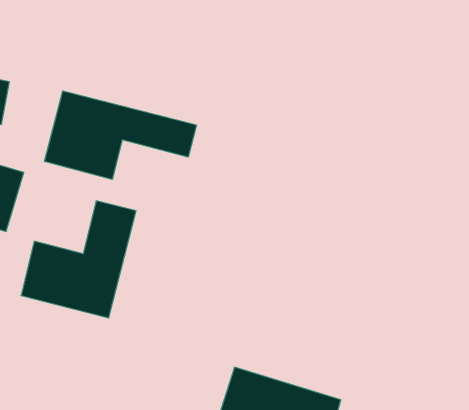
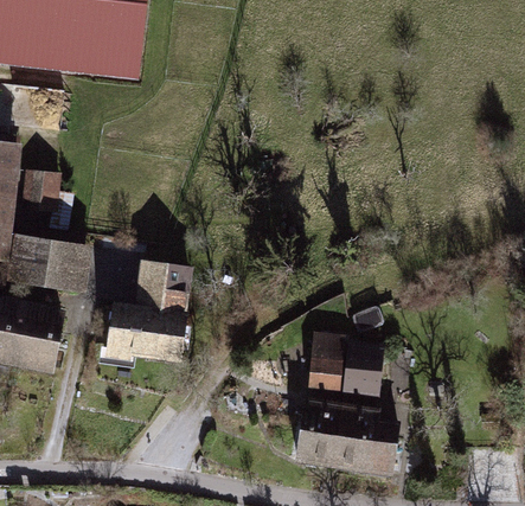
building: [45,91,196,179] -> none
building: none -> [300,333,378,401]

